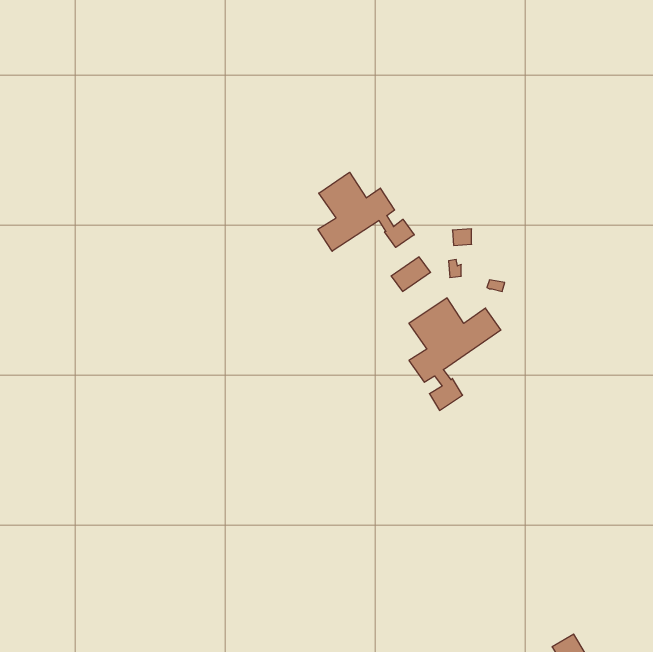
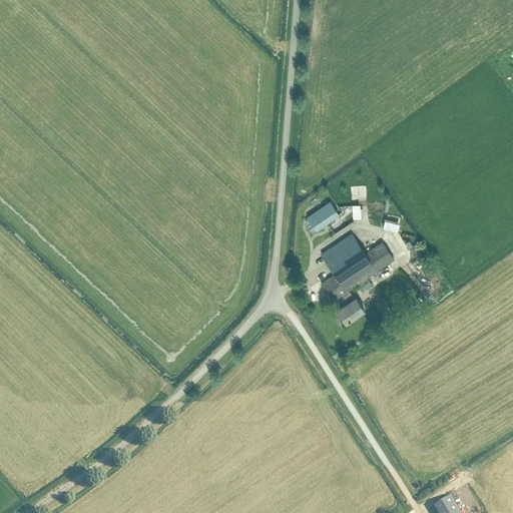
building: [318,172,414,251] -> none

